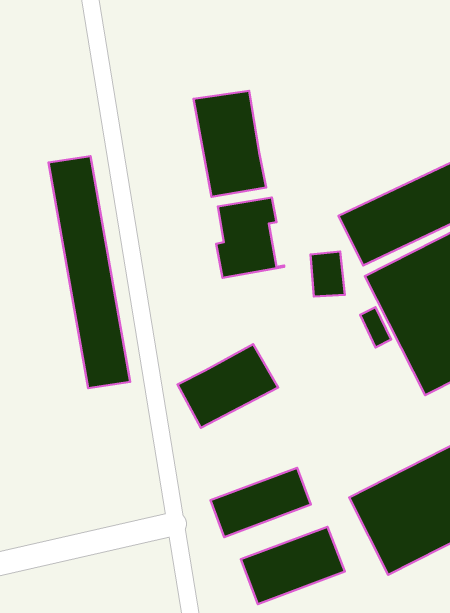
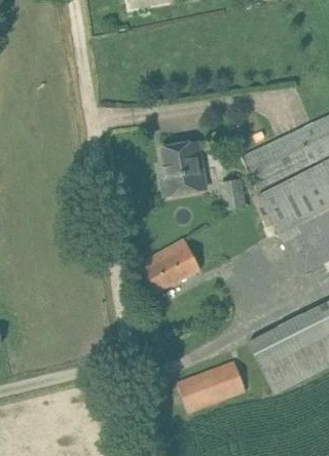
building: [194,91,266,197] -> none
building: [48,156,130,388] -> none
building: [211,468,311,537] -> none

